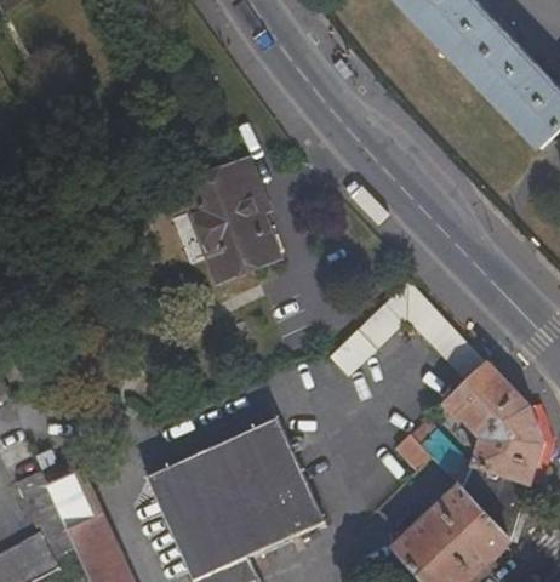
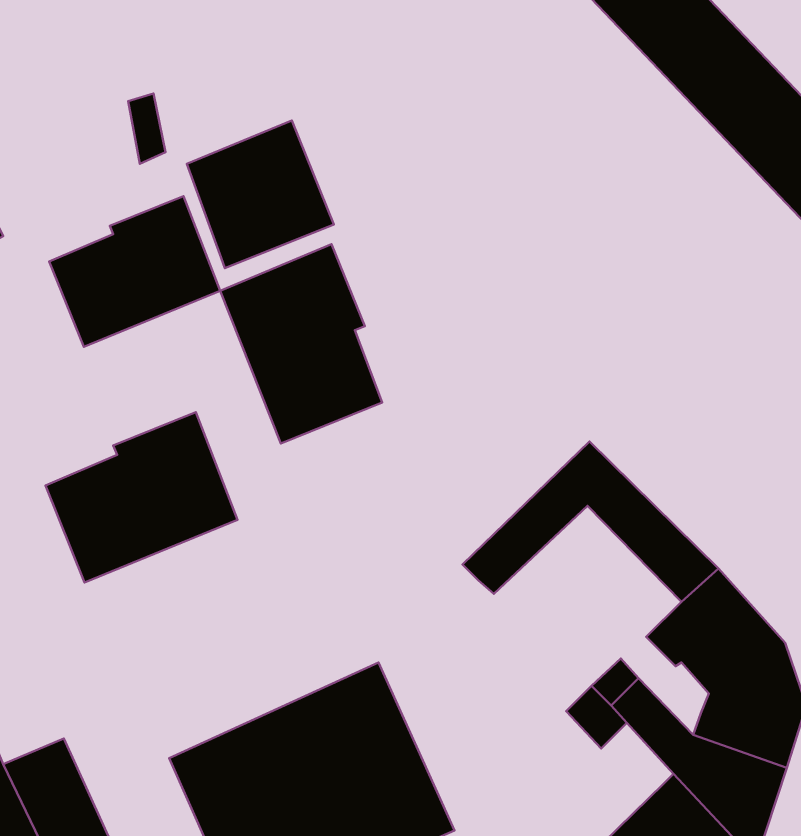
building: none -> [187,120,334,268]
building: none -> [49,196,220,347]
building: none -> [45,412,238,583]

